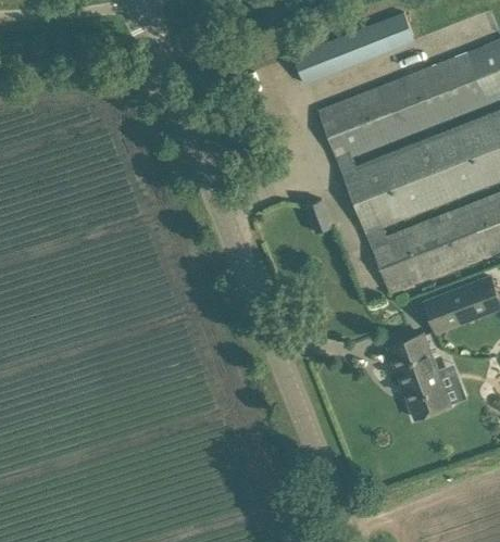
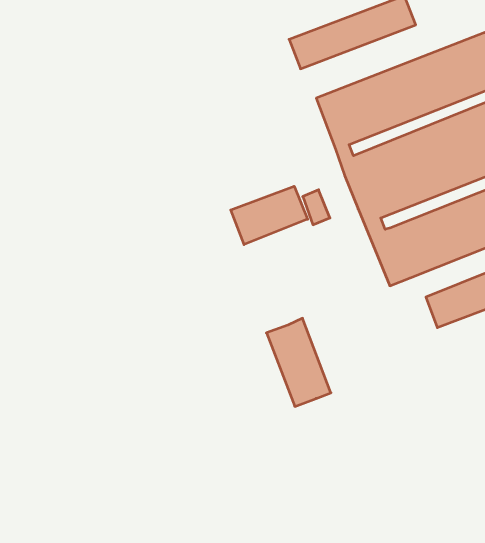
building: none -> [231,186,308,245]
building: [389,332,451,417] -> [266,318,331,406]

